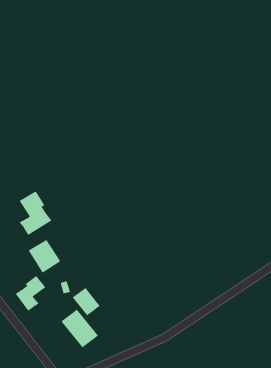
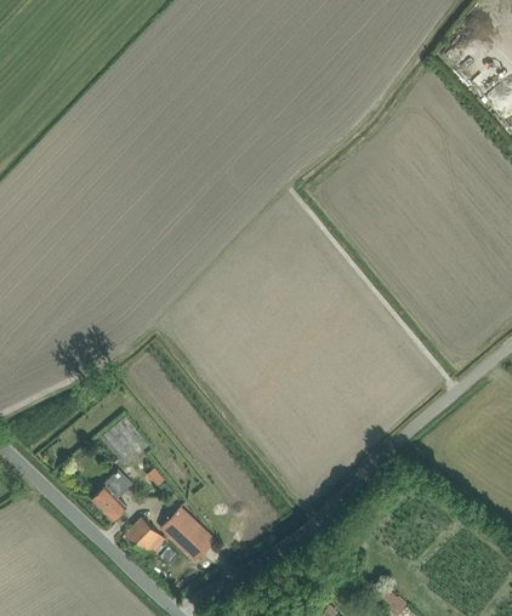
building: [19,191,52,236] -> none
building: [72,287,100,316] -> [126,518,167,558]

